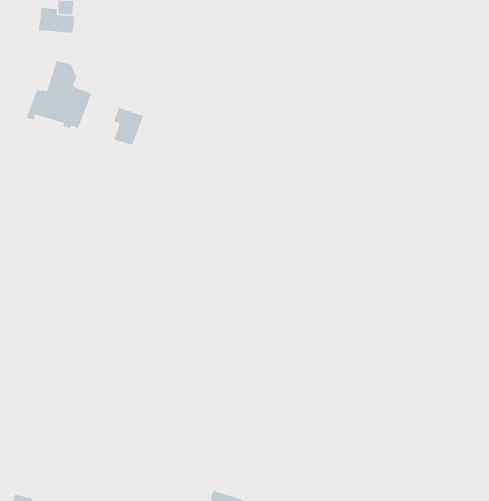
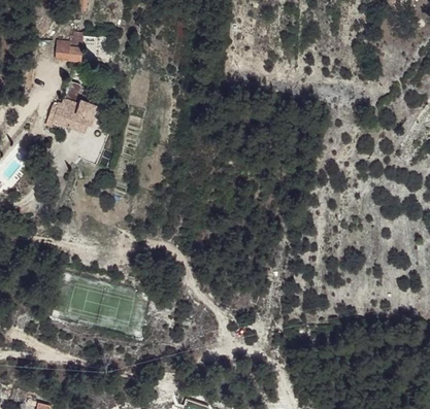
building: [113,107,144,146] -> none

